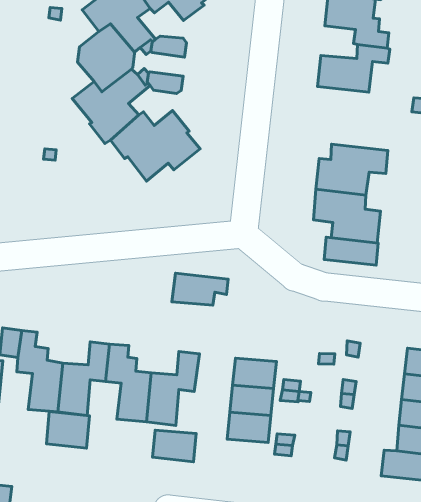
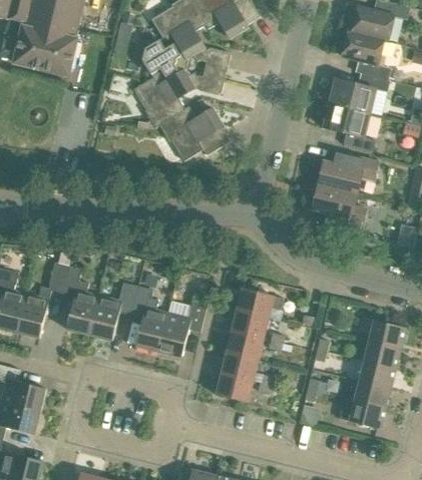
building: none -> [323,103,375,152]
building: [324,237,378,265] -> none
building: [172,273,228,305] -> [236,288,283,317]
building: [46,412,89,448] -> none
building: [152,430,196,462] -> [216,373,253,402]

